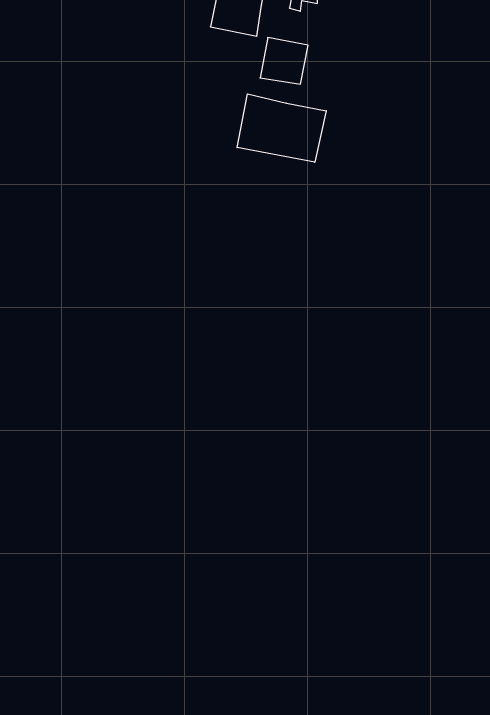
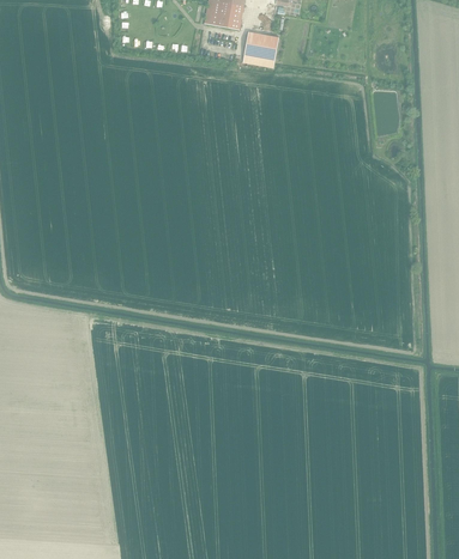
building: [237,94,326,162] -> none

